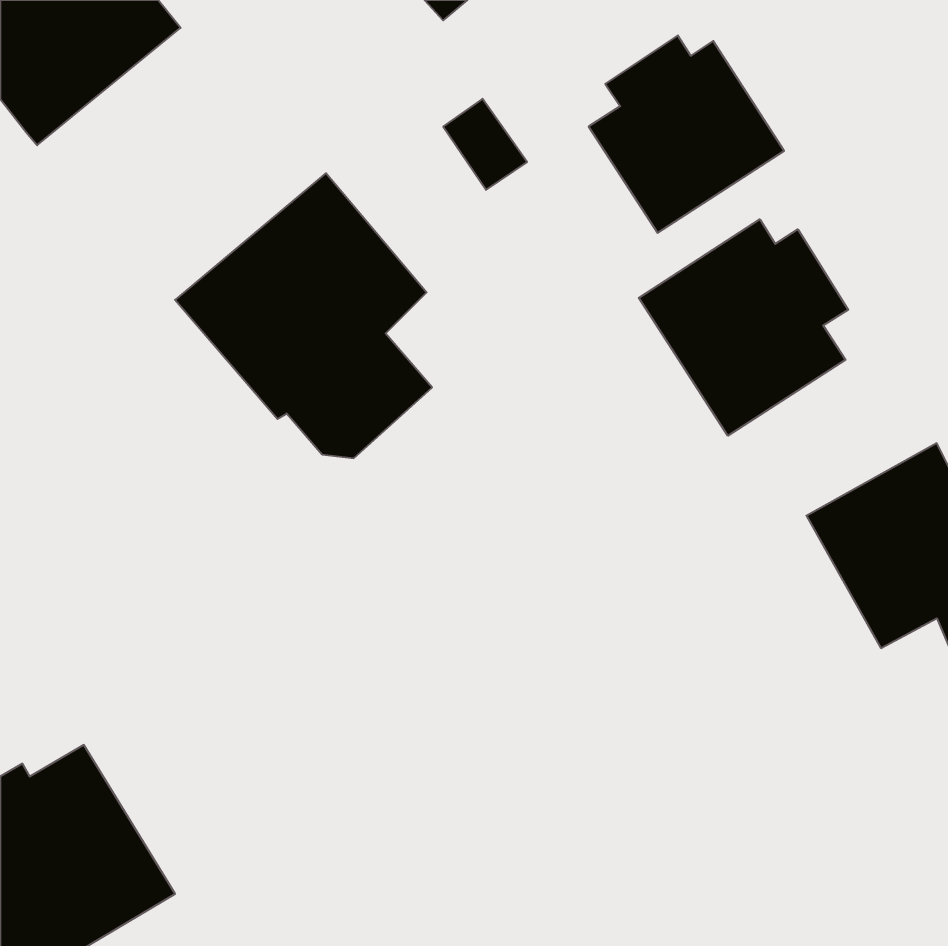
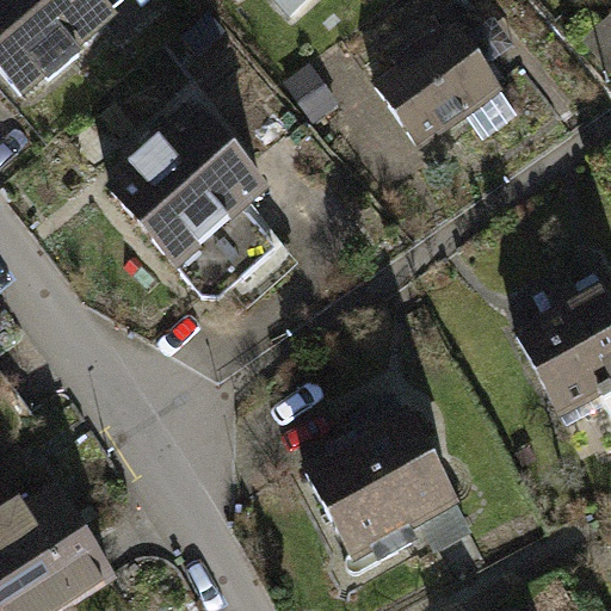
building: [639,219,848,436] -> none
building: none -> [306,416,461,562]

